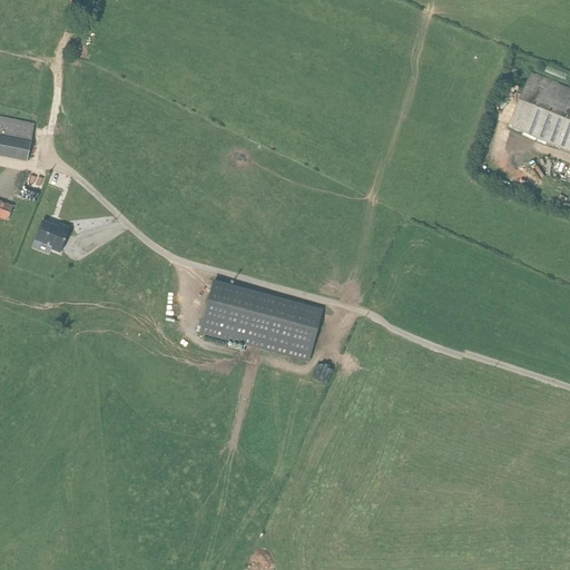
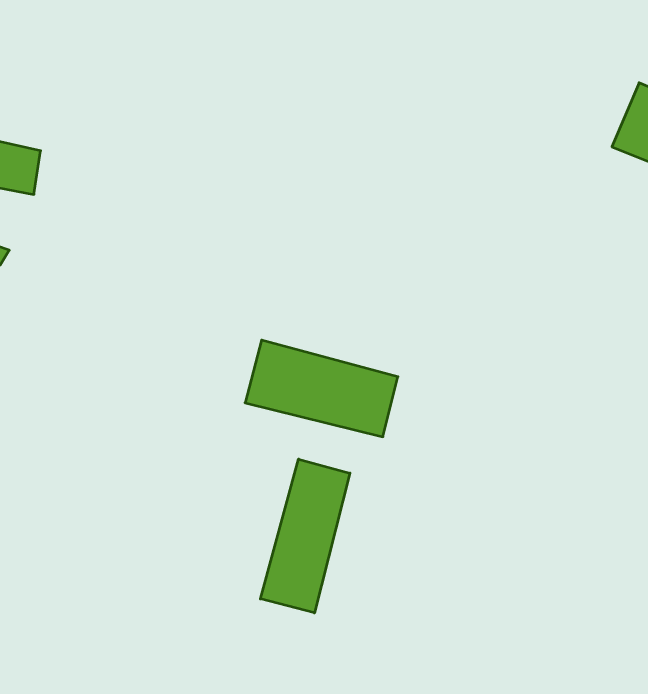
building: [33,220,69,253] -> none
building: none -> [260,459,350,613]

